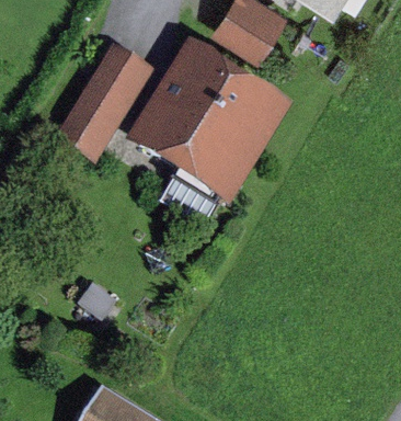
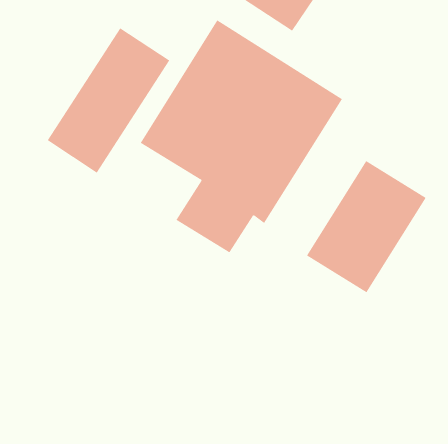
building: none -> [306,160,427,293]

